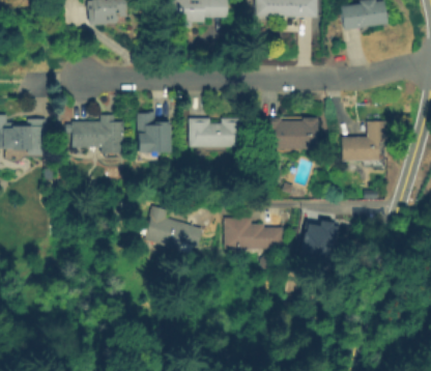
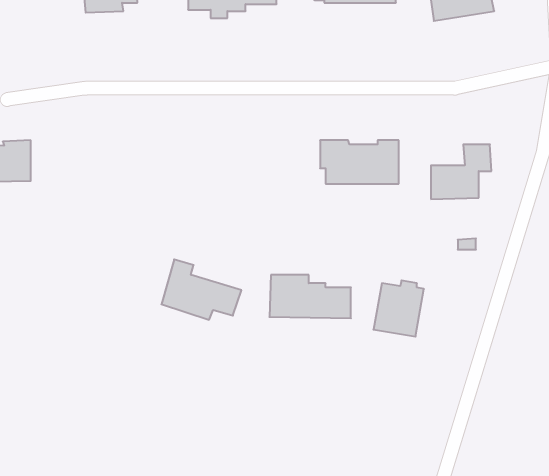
building: [137,111,171,147] -> none
building: [189,117,242,147] -> none
building: [70,119,124,148] -> none

